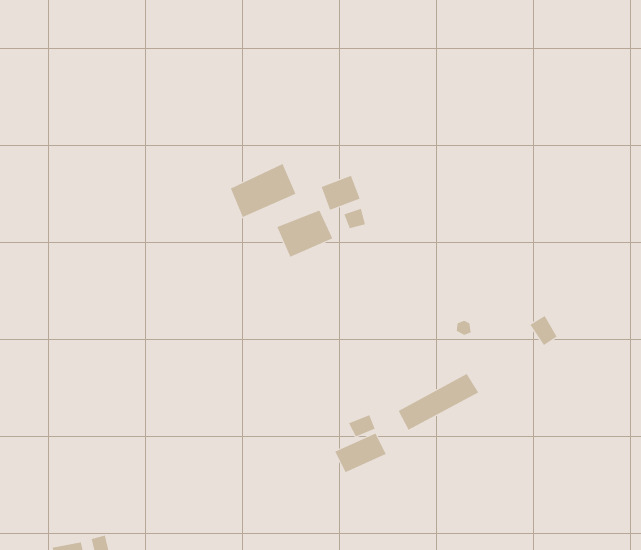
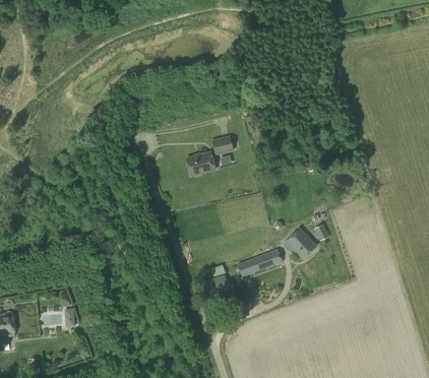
building: [230,163,296,218] -> none
building: none -> [284,228,316,257]

